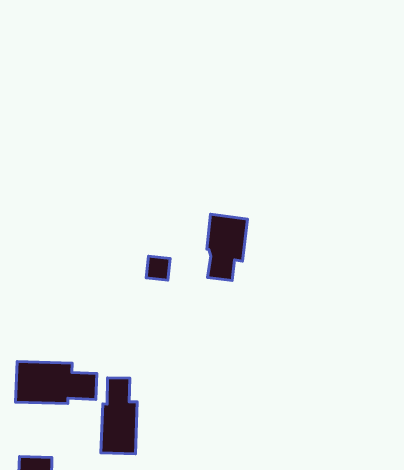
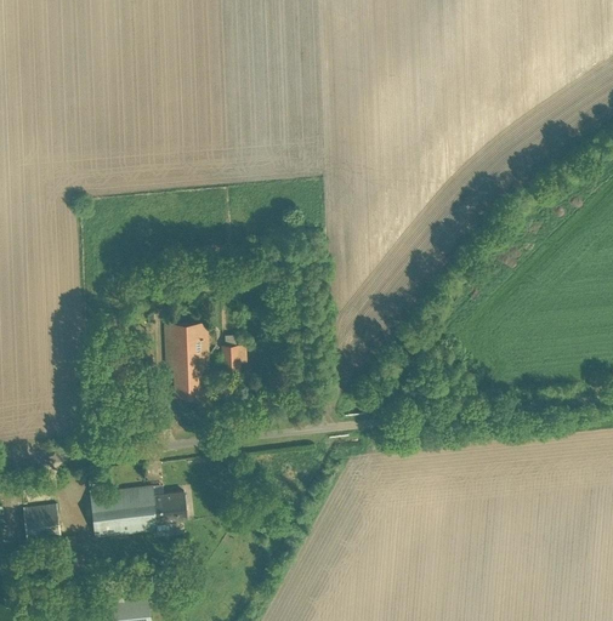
building: [207,214,247,281] -> [164,320,210,395]
building: [101,378,137,454] -> none

